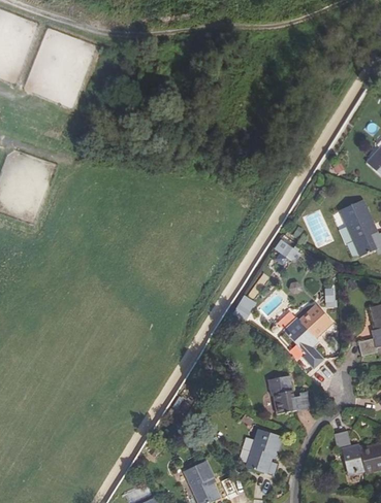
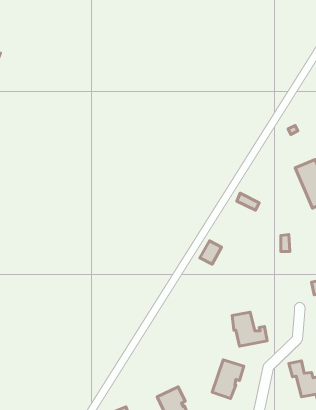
building: [284,304,332,367] -> none

